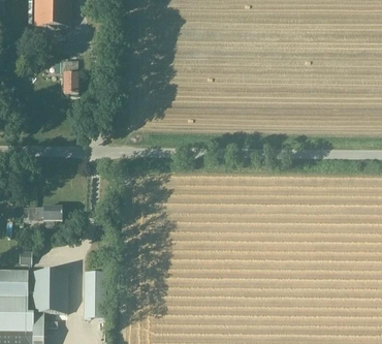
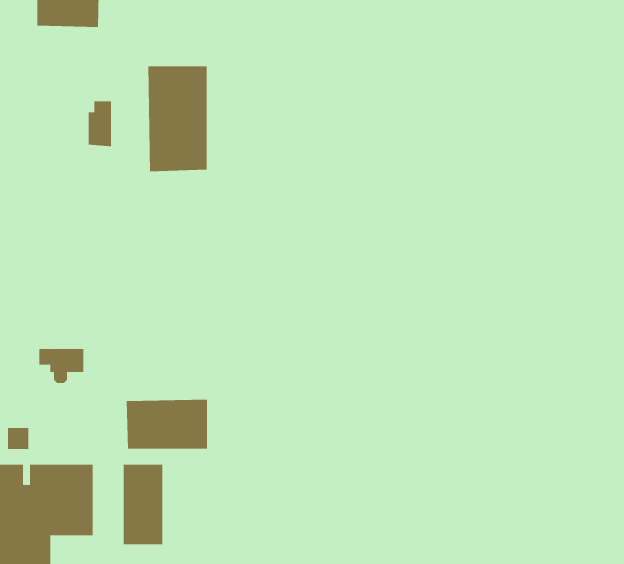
building: none -> [148,66,207,172]
building: none -> [126,399,208,450]

